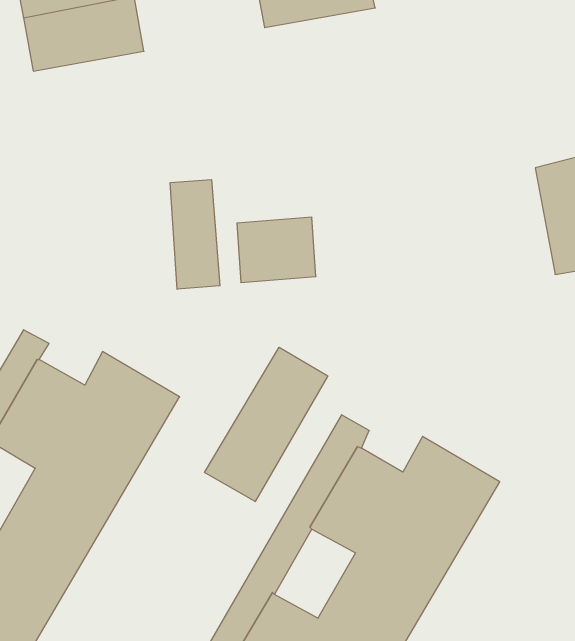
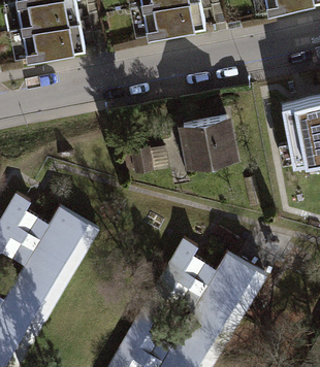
building: [170,180,220,289] -> none
building: none -> [179,116,229,165]
building: [205,347,328,502] -> none

